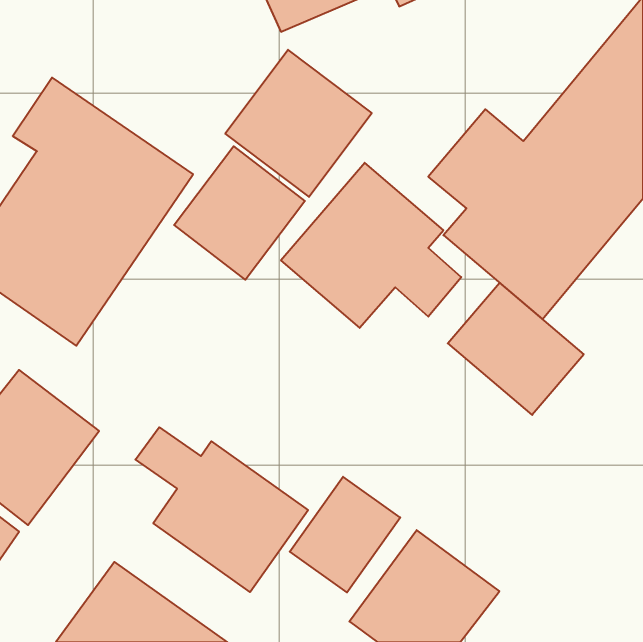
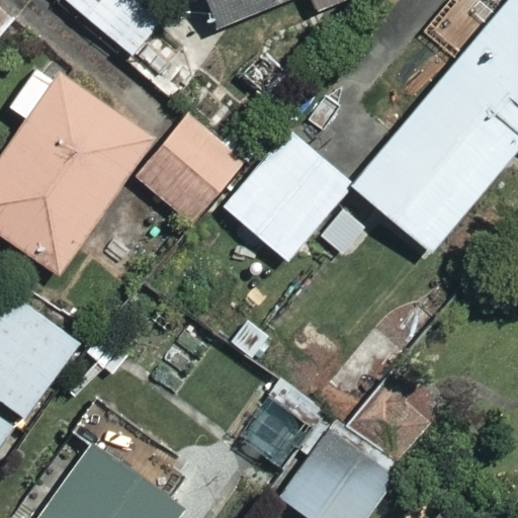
building: [225,50,372,197] -> none
building: [448,283,584,415] -> none
building: [135,427,308,592] -> none

